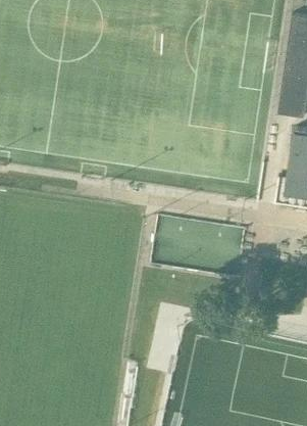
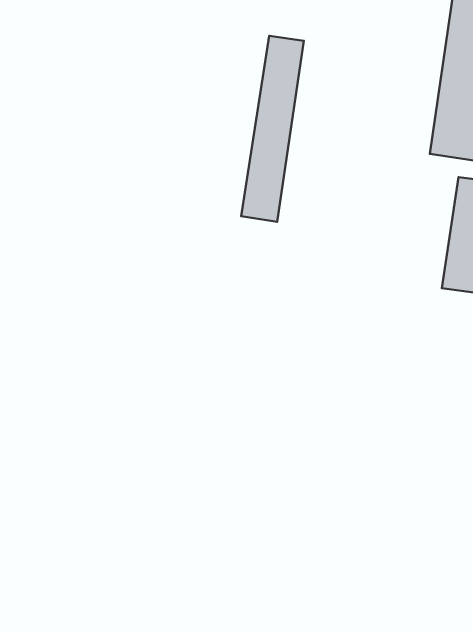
building: none -> [241,36,304,222]

